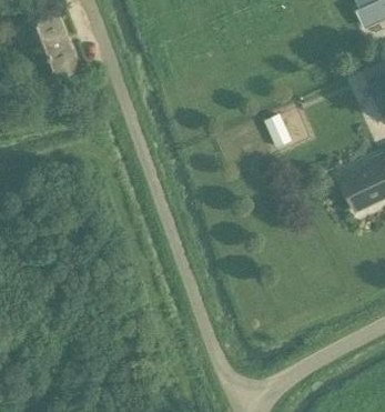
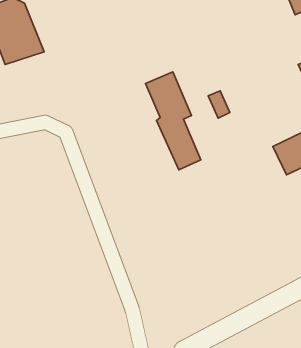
building: none -> [146,72,201,170]

